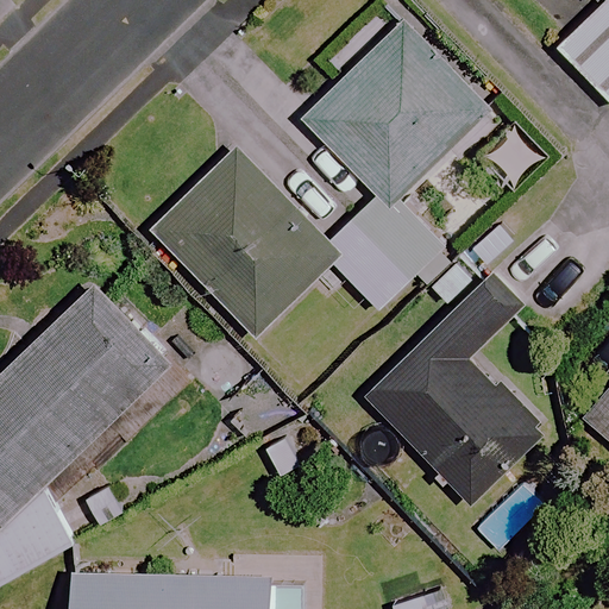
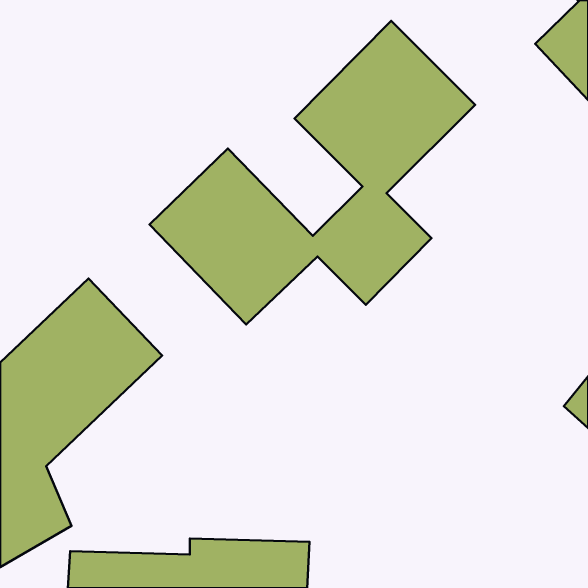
building: [366,278,540,503] -> none

